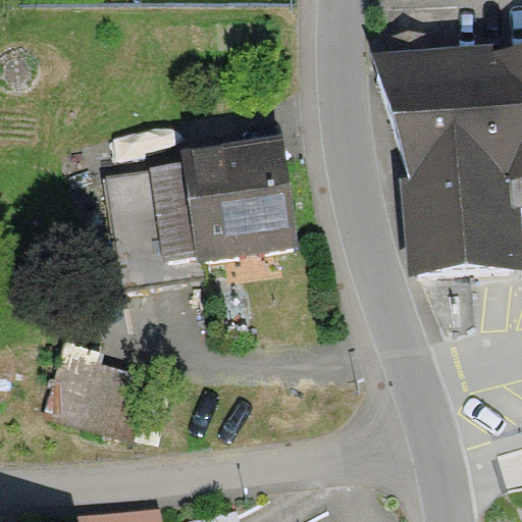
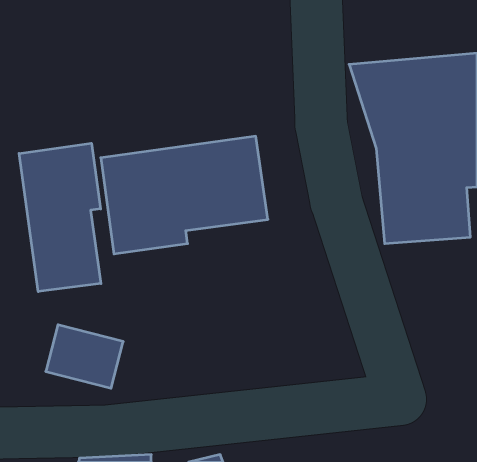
building: none -> [19,143,101,292]

